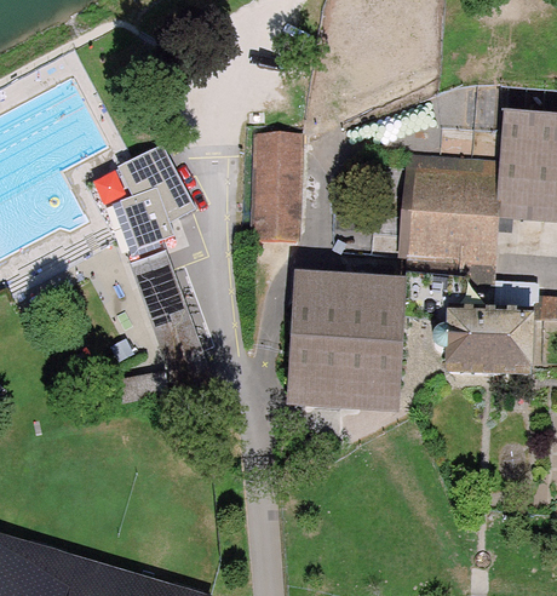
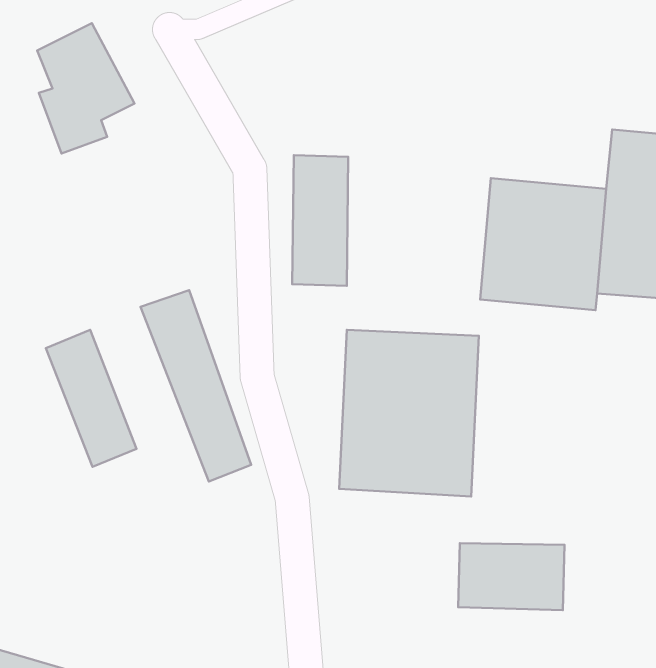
building: [120,142,197,246] -> [37,23,134,154]
building: none -> [46,330,137,467]
building: [447,320,532,373] -> [458,543,564,610]

